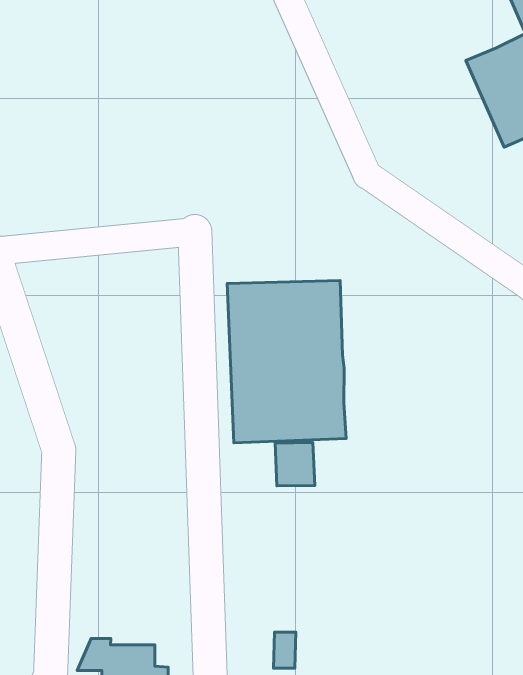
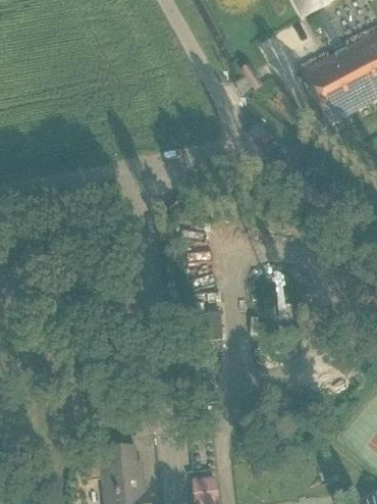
building: [227,281,346,443] -> none

